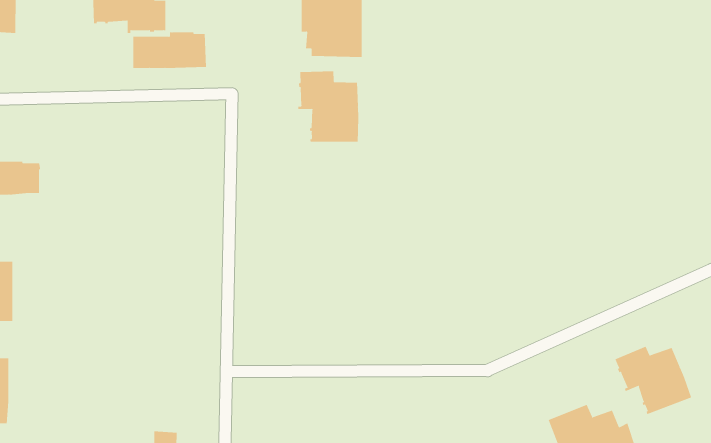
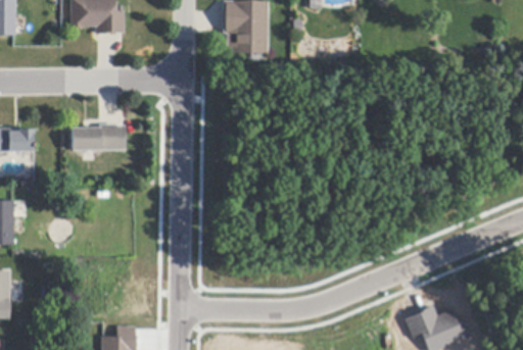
building: [133,32,207,68] -> [72,124,126,151]
building: [298,70,359,143] -> none
building: [615,346,692,415] -> none

